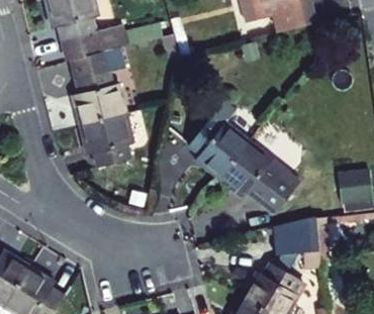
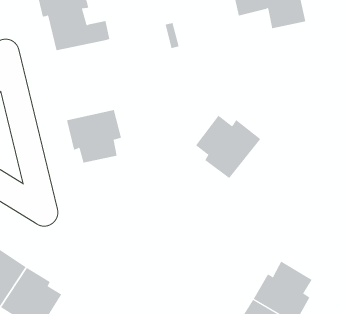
building: [60,49,116,126] -> none
building: [227,144,308,211] -> none
building: [273,222,324,276] -> none

